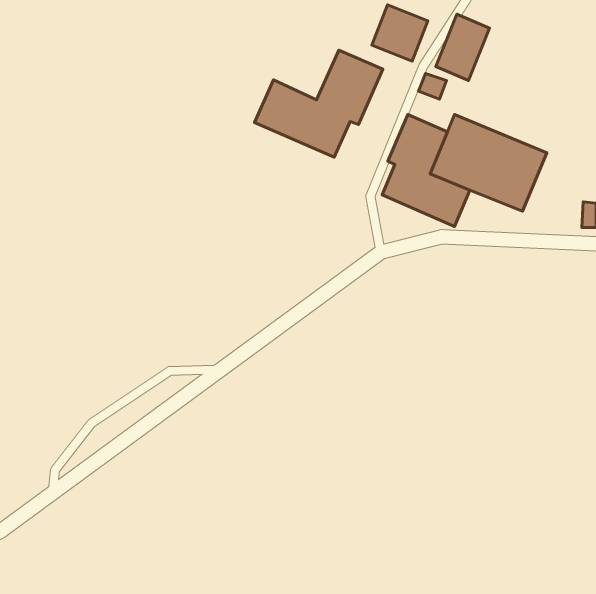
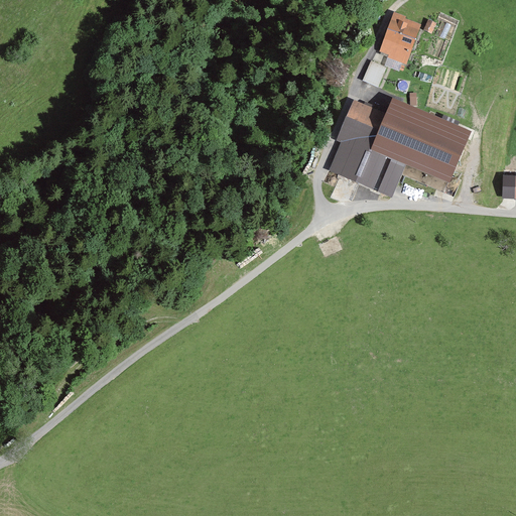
building: [372,5,428,61] -> none
building: [254,50,383,157] -> none

